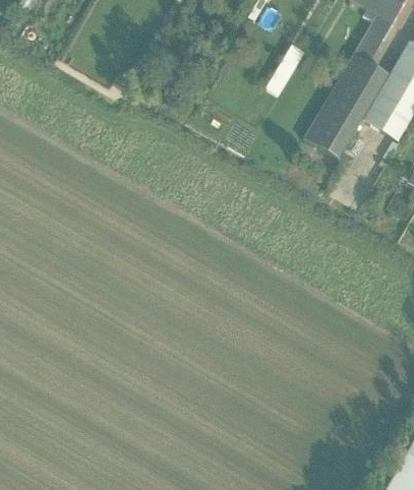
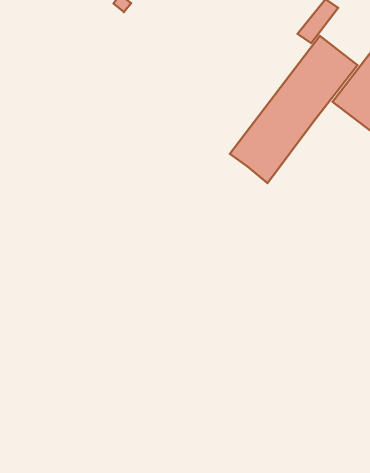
building: none -> [230,36,357,183]

